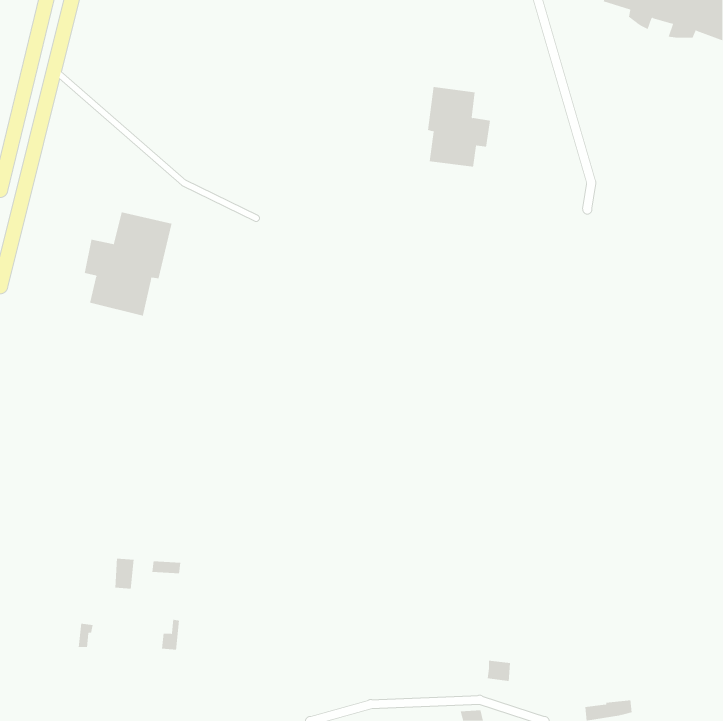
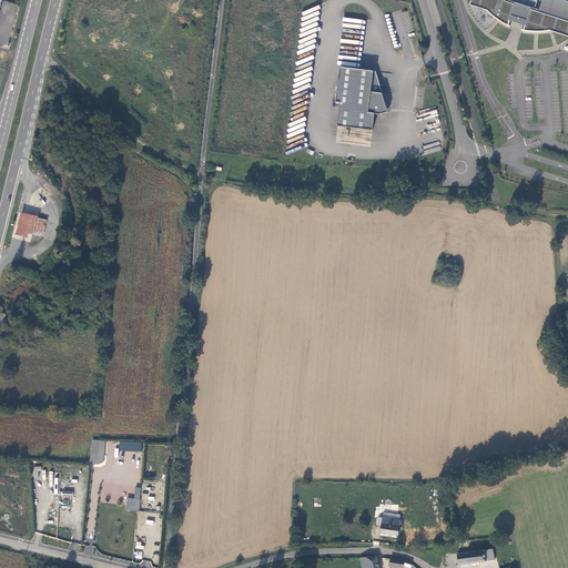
building: [84,211,172,316] -> none
building: none -> [14,211,47,236]

